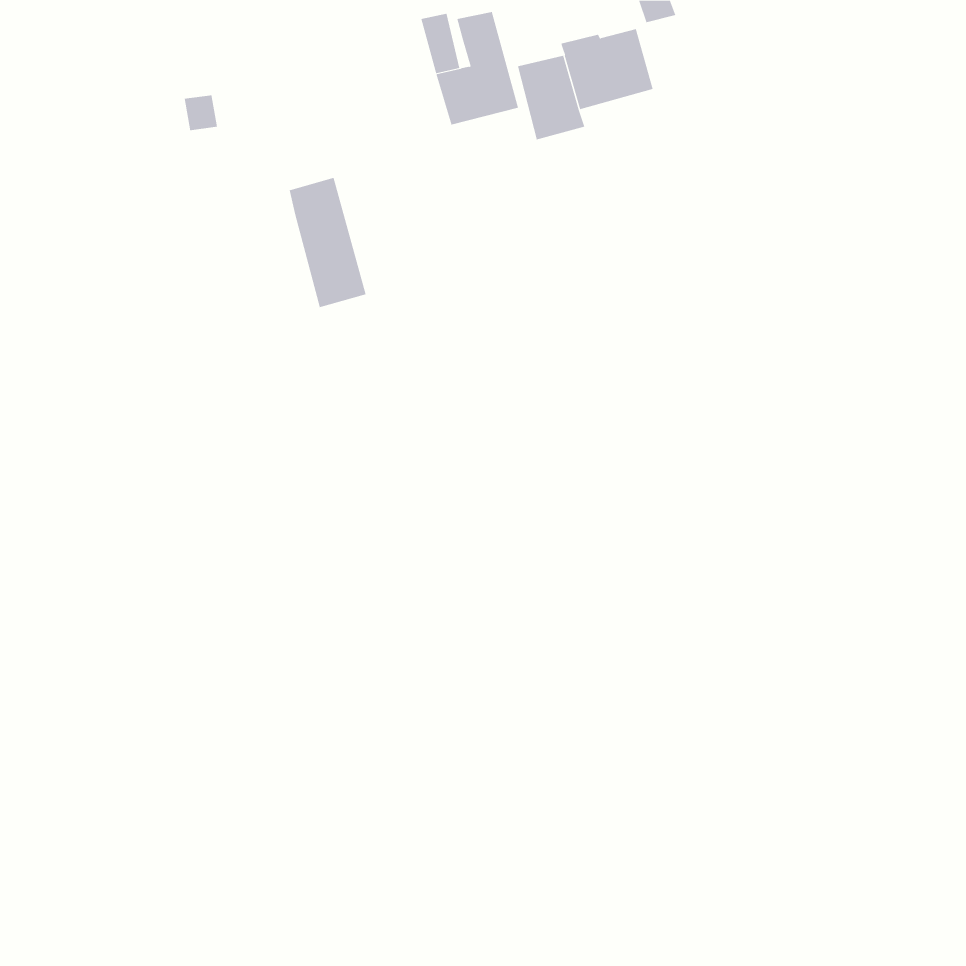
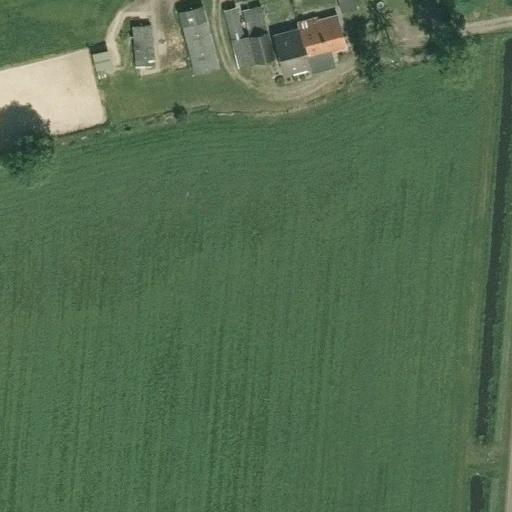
building: none -> [133,26,156,68]
building: [289,177,366,308] -> [179,6,220,75]

